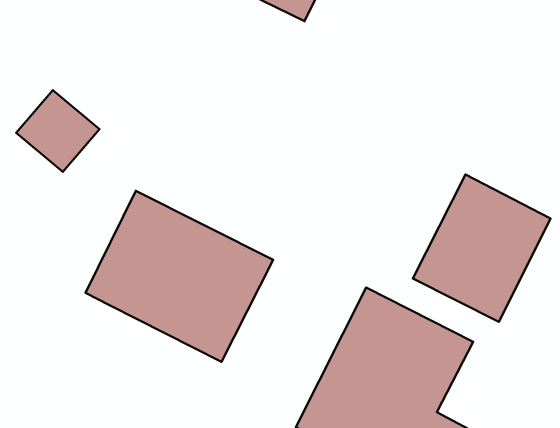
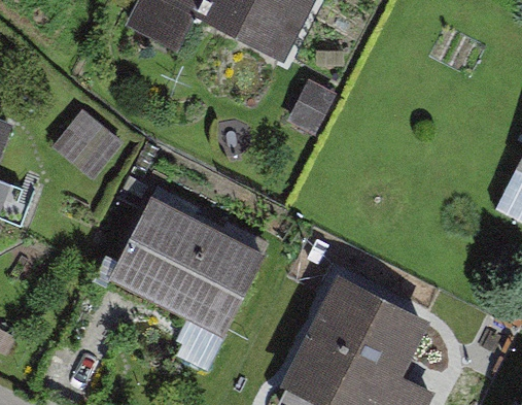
building: [413,175,551,322] -> none

